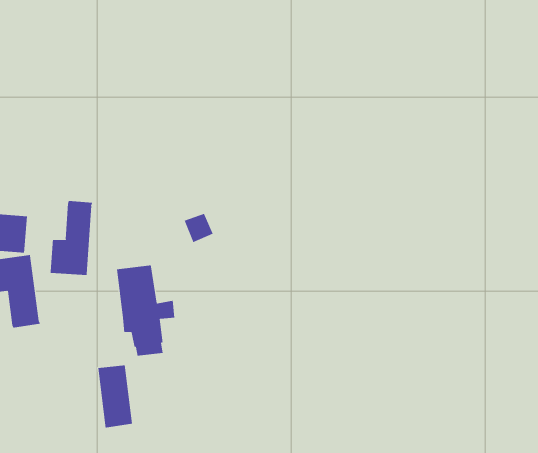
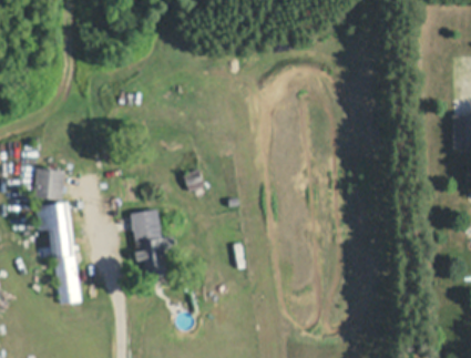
building: [50,200,93,276] -> none
building: [98,365,133,428] -> [54,256,81,304]

